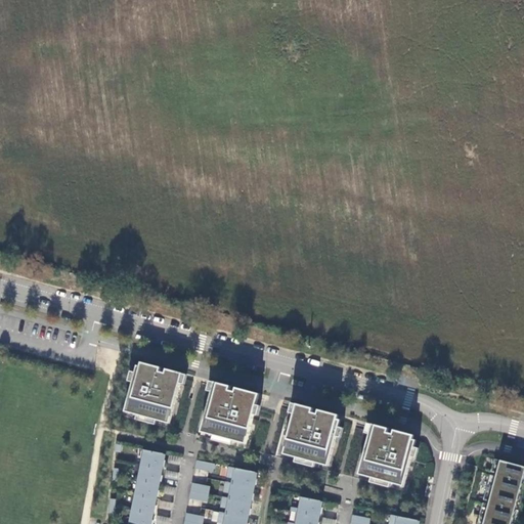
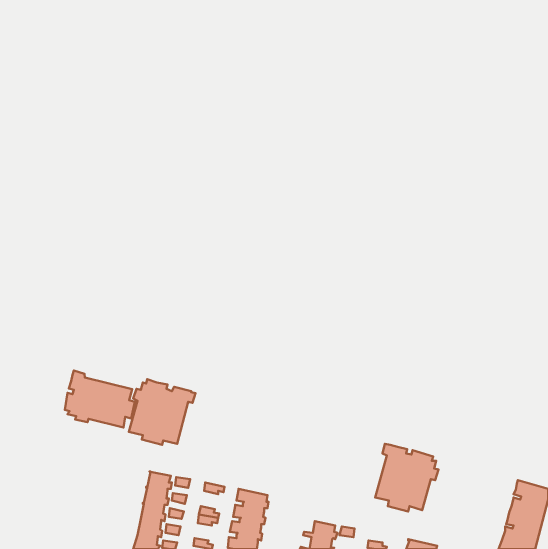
building: none -> [65,371,135,428]
building: [200,381,260,444] -> none
building: [282,402,342,467] -> none

